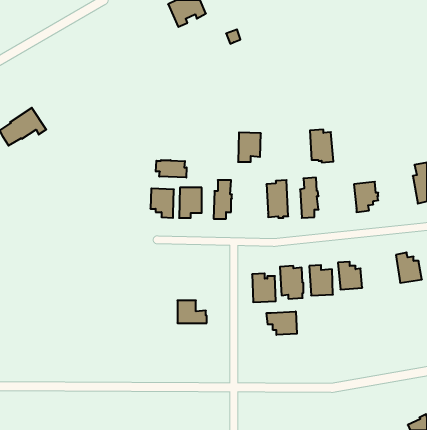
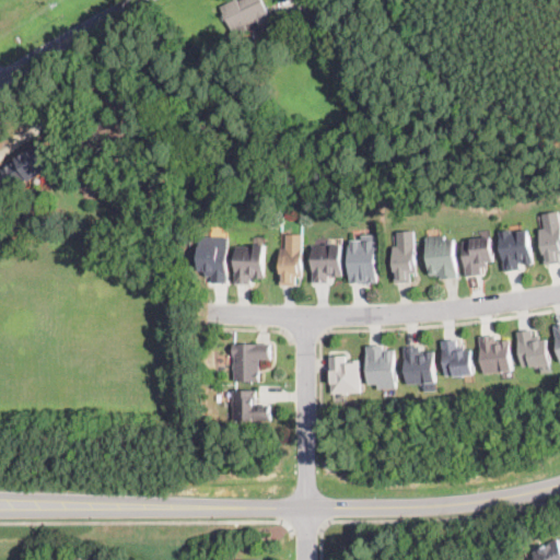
building: [310,130,333,162] -> [424,235,455,278]
building: [238,132,261,162] -> [311,244,340,282]
building: [156,160,187,178] -> none
building: none -> [497,229,532,271]
building: none -> [477,335,511,374]
building: none -> [230,343,269,382]
building: [267,311,297,335] -> none

